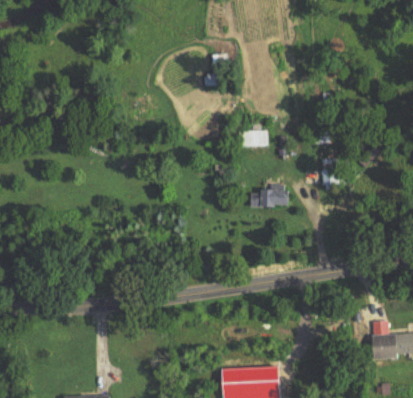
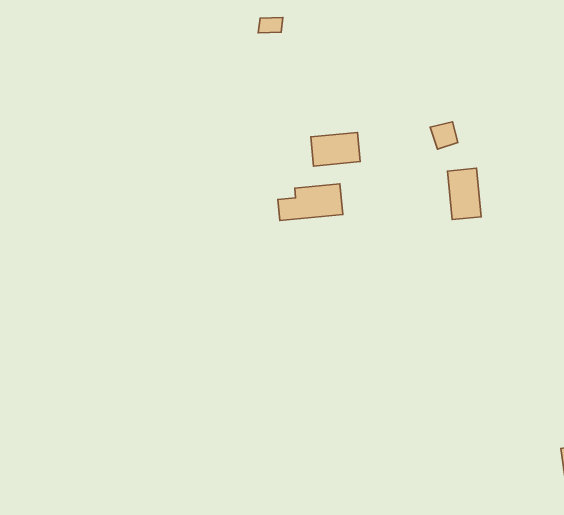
building: [251,186,290,205] -> [278,184,343,220]

